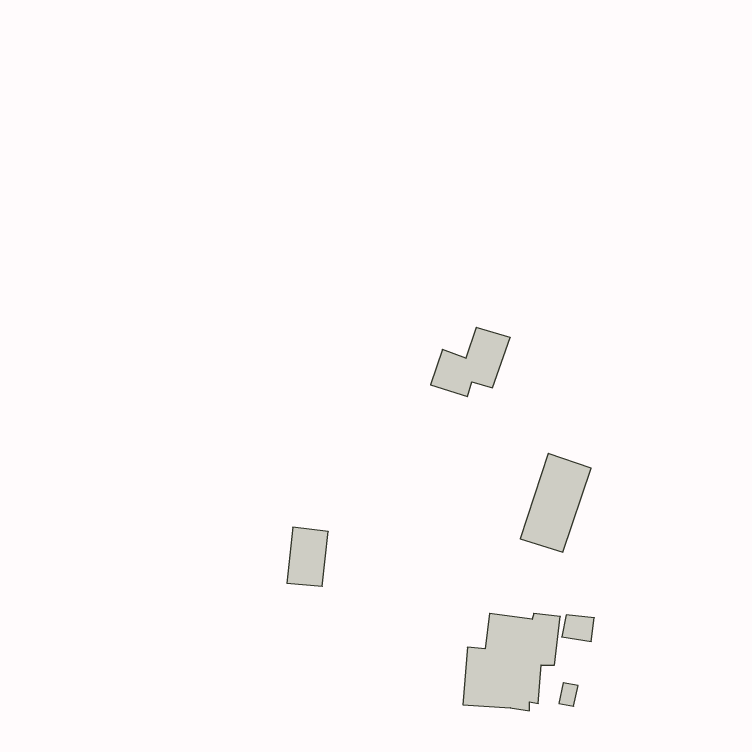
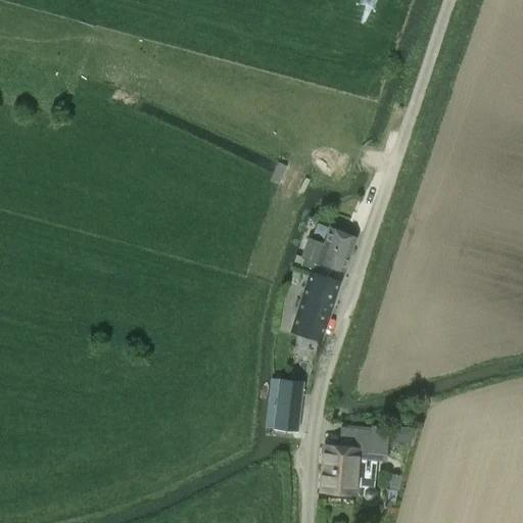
building: [520,453,591,552] -> [289,271,338,339]
building: [287,527,328,586] -> [273,389,301,430]

